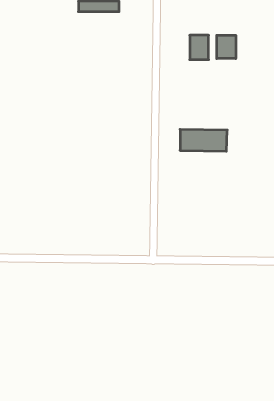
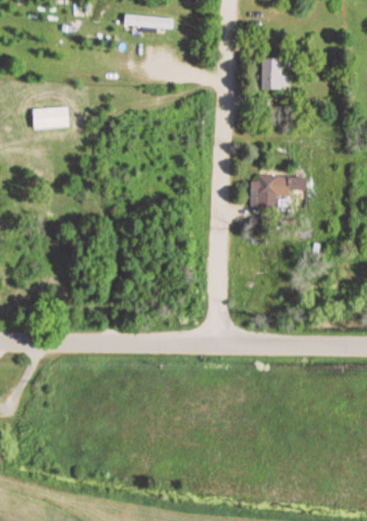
building: [217,35,236,59] -> none
building: none -> [32,108,68,129]

